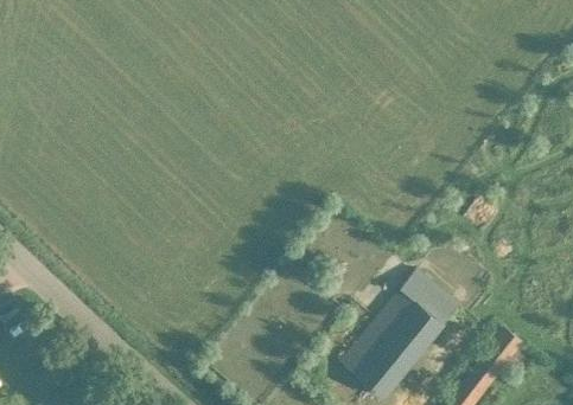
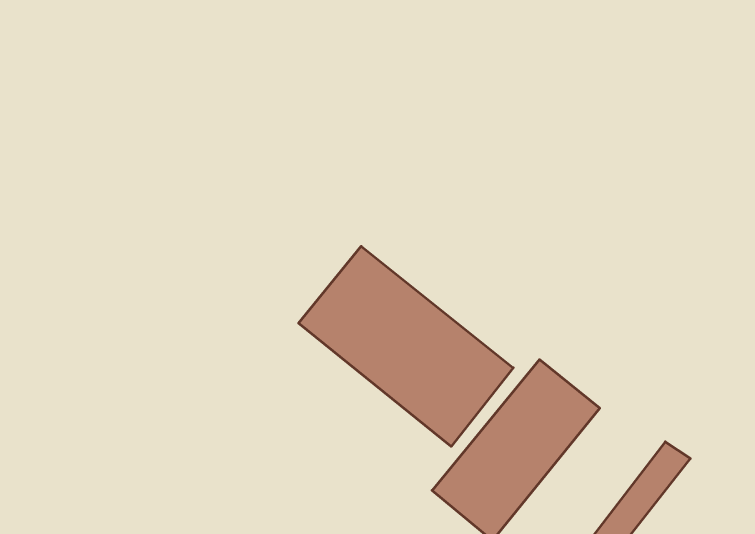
building: none -> [299,246,513,446]

